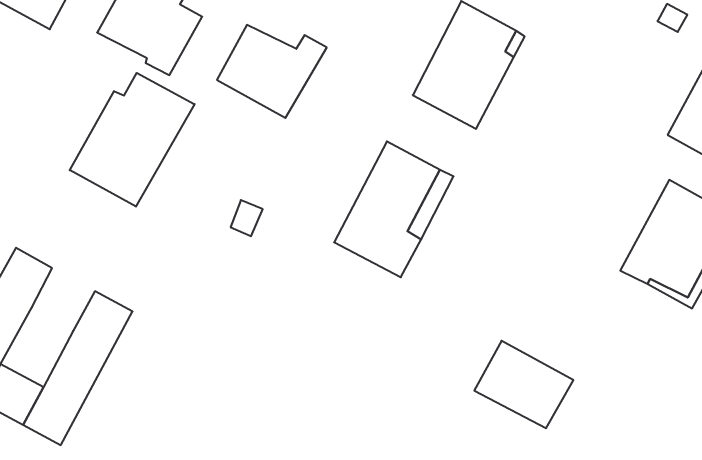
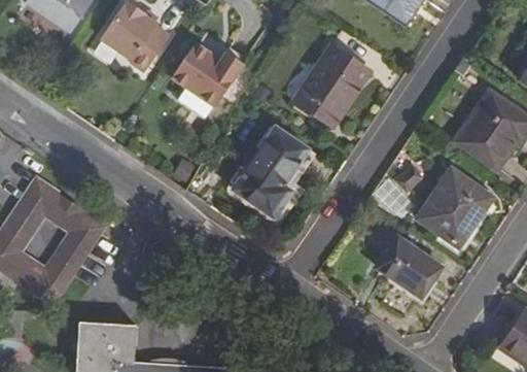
building: [70,73,195,207] -> none
building: none -> [40,187,81,228]
building: [474,341,573,428] -> [378,237,442,296]

